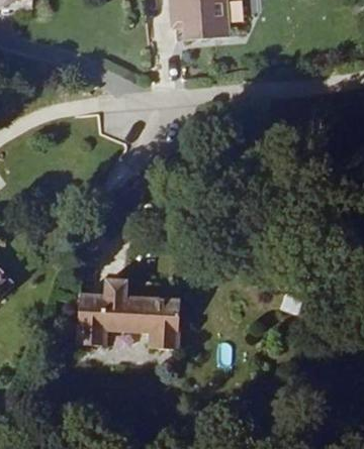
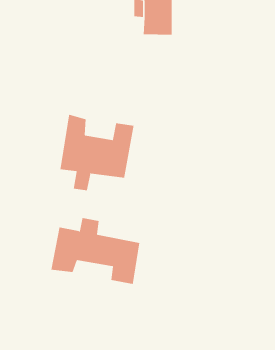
building: none -> [60,114,134,191]

